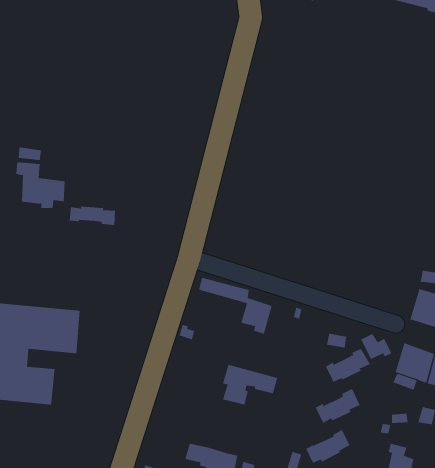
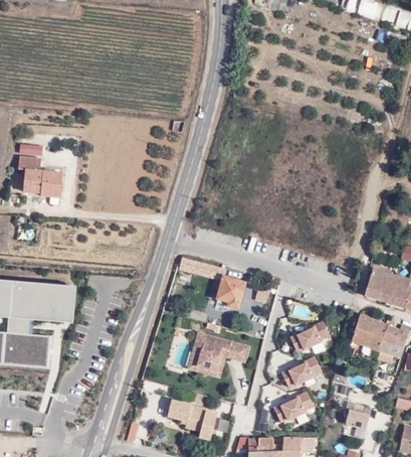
building: [69,206,116,226] -> none
building: [360,333,392,360] -> none
building: none -> [191,332,227,375]

